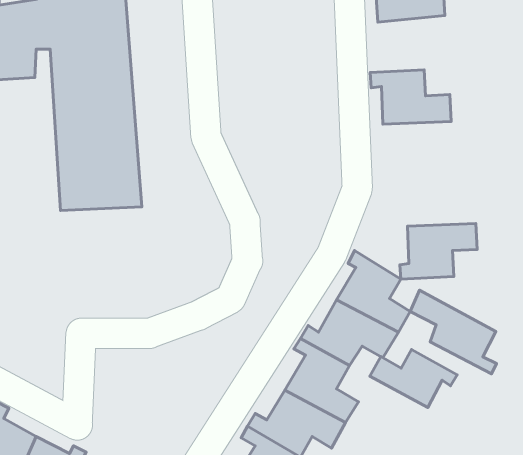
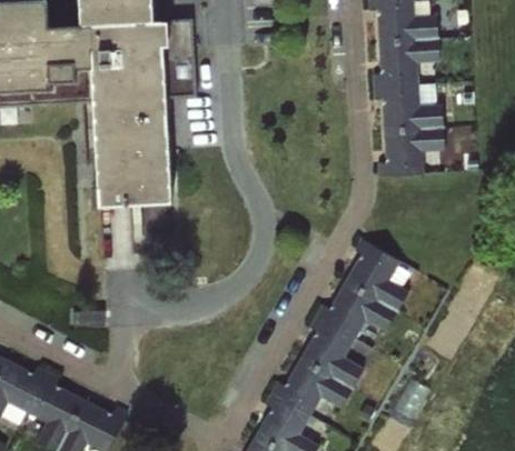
building: none -> [372,37,437,86]
building: [400,224,477,279] -> [376,128,443,176]
building: [410,290,496,374] -> none
building: [370,350,457,408] -> none

